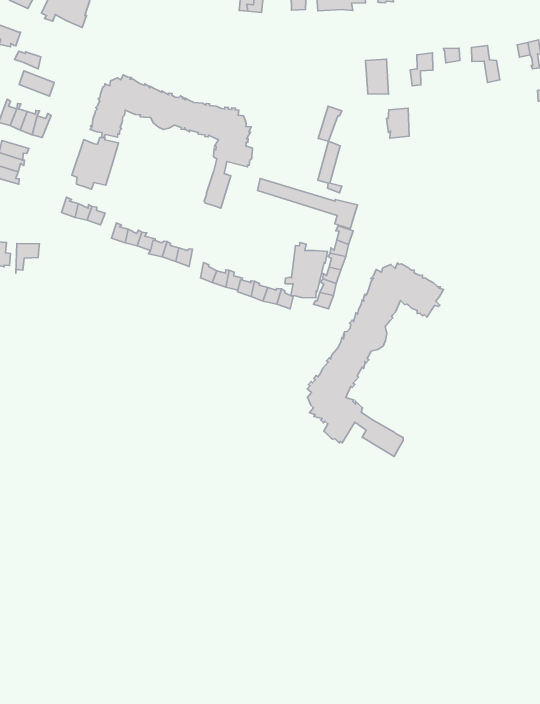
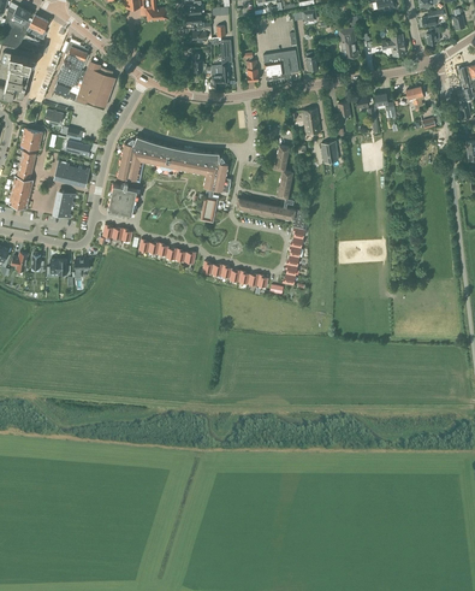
building: [285,242,327,298] -> none
building: [307,263,443,456] -> none

